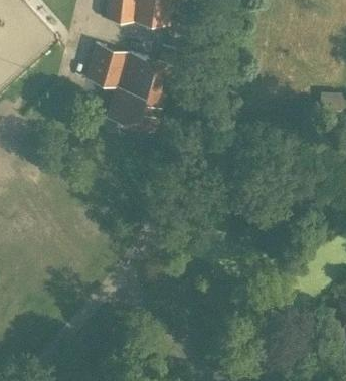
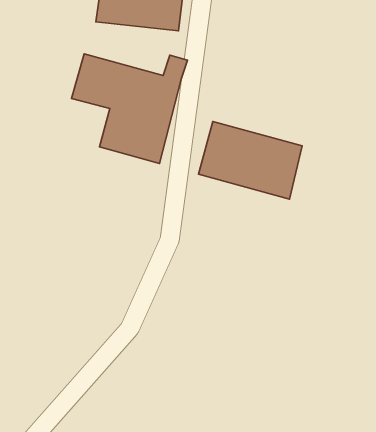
building: none -> [199,122,302,199]

